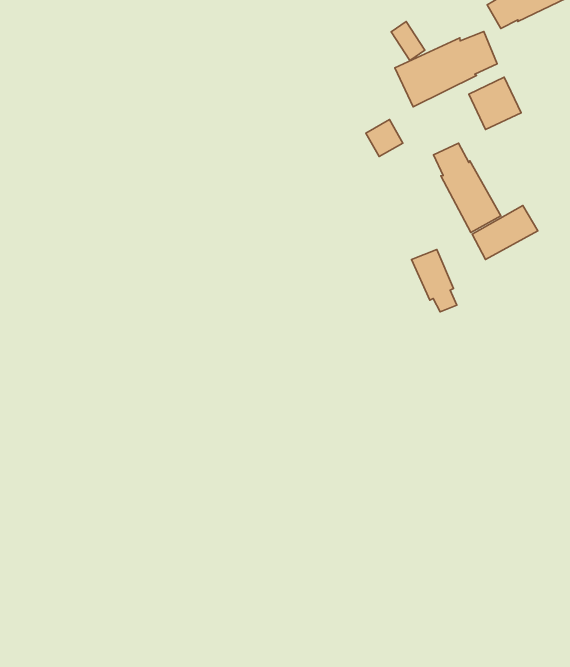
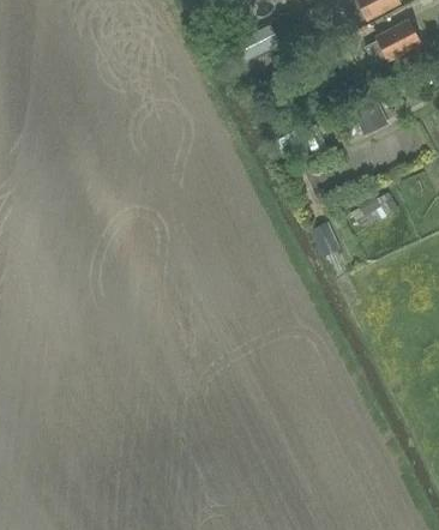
building: [395,32,497,107] -> none
building: [434,143,501,232] -> none

